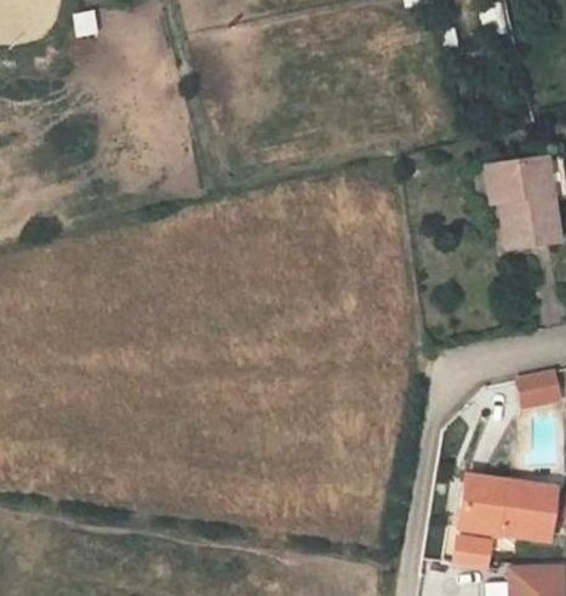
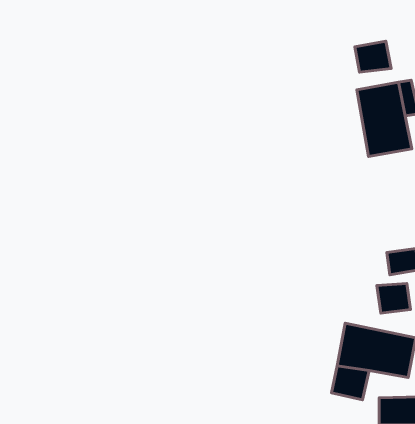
building: none -> [355,41,391,72]
building: none -> [377,283,410,313]

